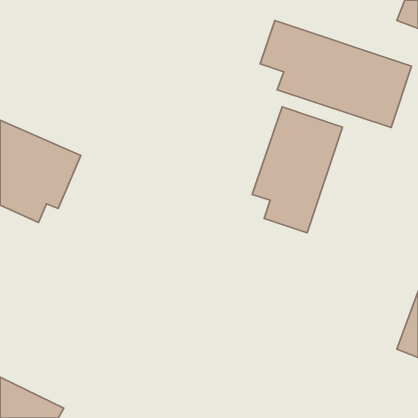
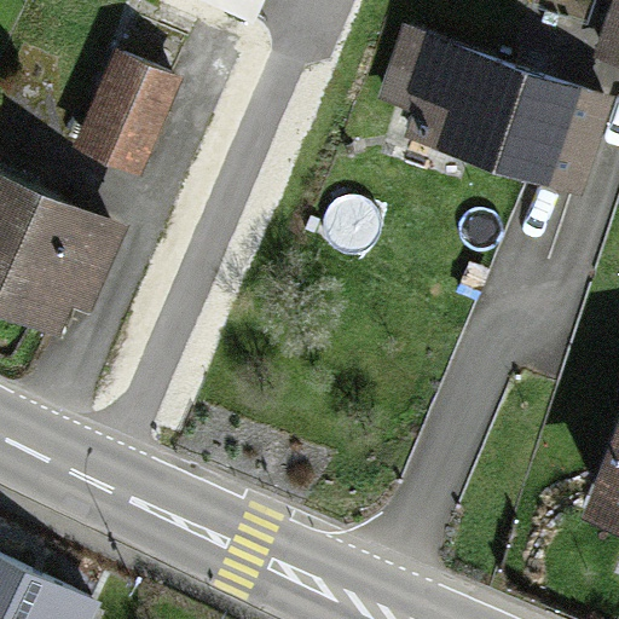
building: none -> [81,58,175,168]
building: [252,107,342,233] -> none

